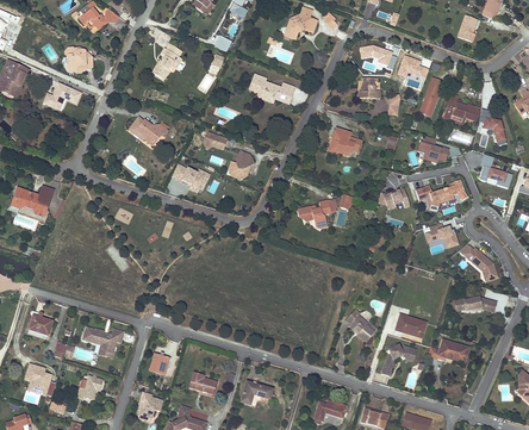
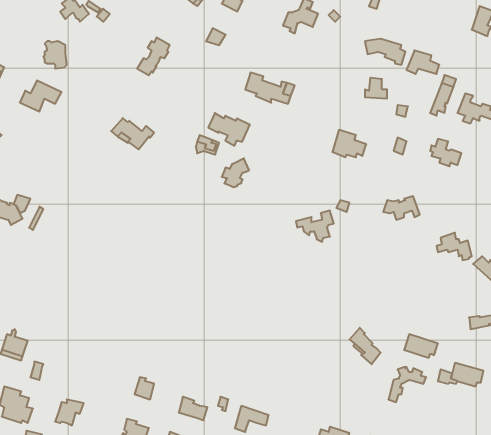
building: [173,163,211,193] -> [208,113,250,146]
building: [416,180,467,210] -> none
building: [81,325,124,353] -> none

